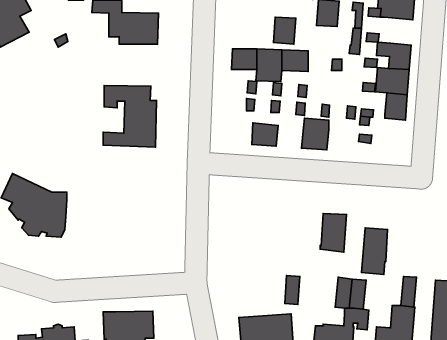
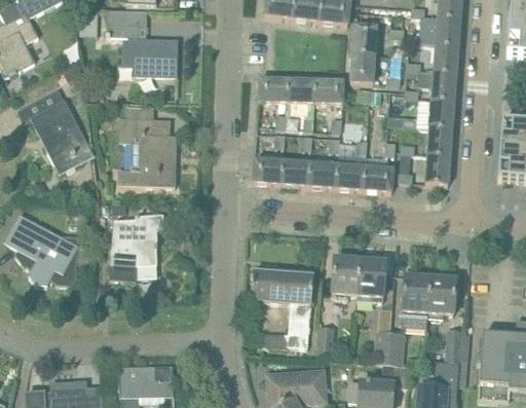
building: [273,17,296,44] -> [350,52,375,82]
building: none -> [434,44,458,74]
building: none -> [17,87,95,173]
building: none -> [425,154,450,184]
building: none -> [253,157,283,183]
building: none -> [308,162,338,187]
building: none -> [364,166,393,191]
building: none -> [110,215,163,280]
building: none -> [332,257,360,298]
building: none -> [251,271,312,347]
building: none -> [426,276,456,326]

